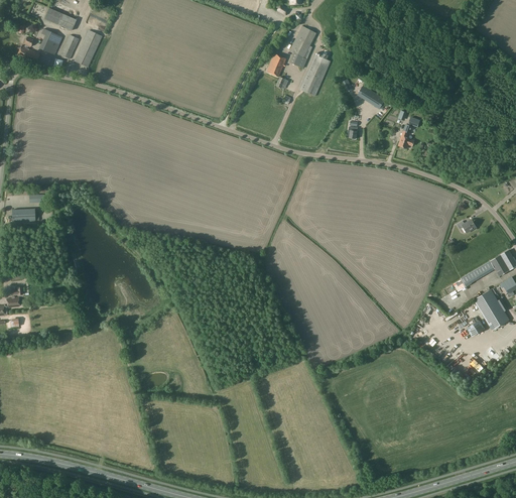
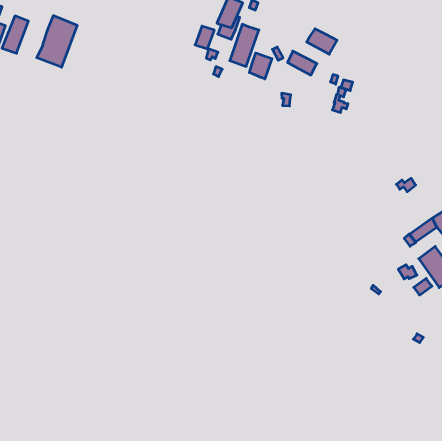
building: none -> [37,16,77,67]
building: none -> [307,29,337,54]
building: none -> [249,53,272,79]

